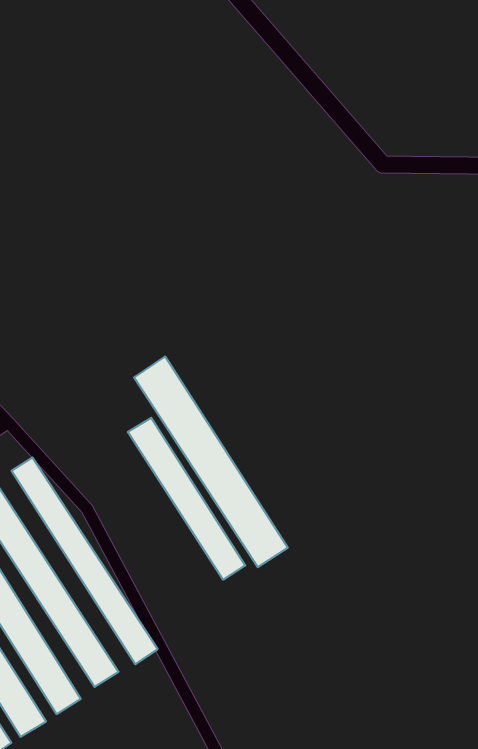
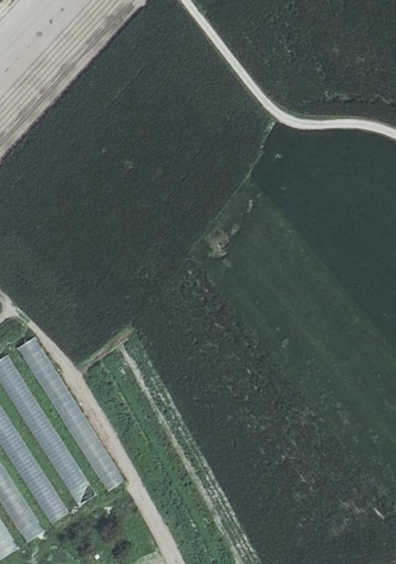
building: [134,356,288,567] -> none
building: [128,418,245,580] -> none

